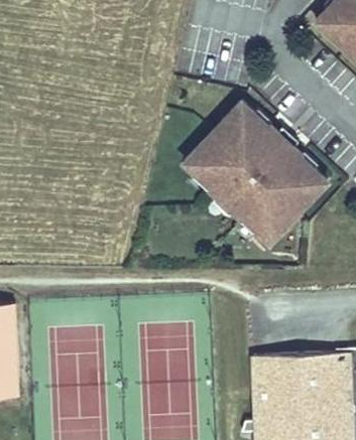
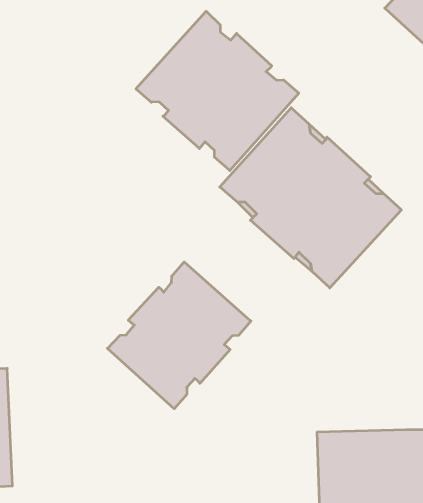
building: none -> [136,11,299,171]
building: none -> [107,262,251,409]

